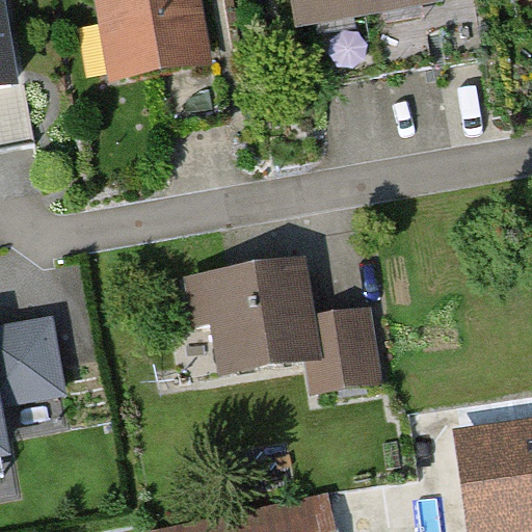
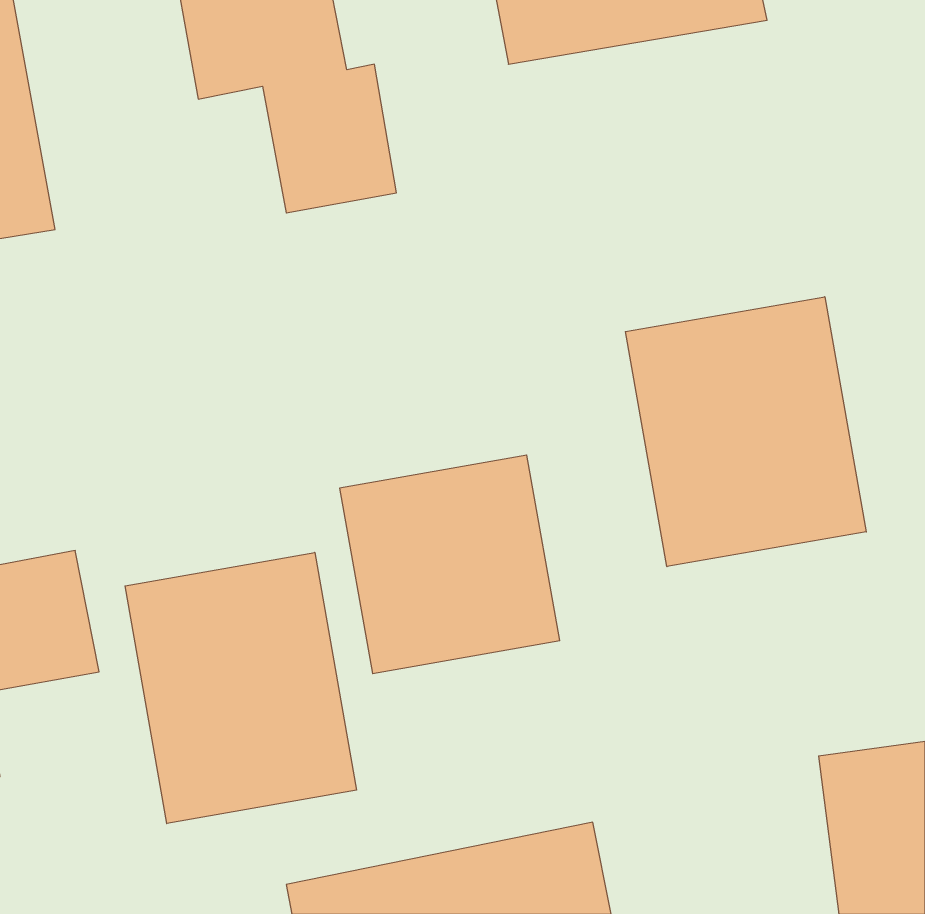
building: none -> [625,297,866,567]
building: [312,302,378,389] -> none
building: none -> [125,552,356,824]

